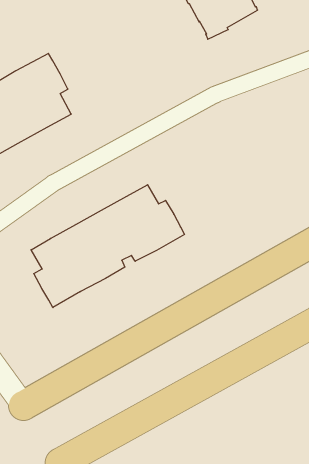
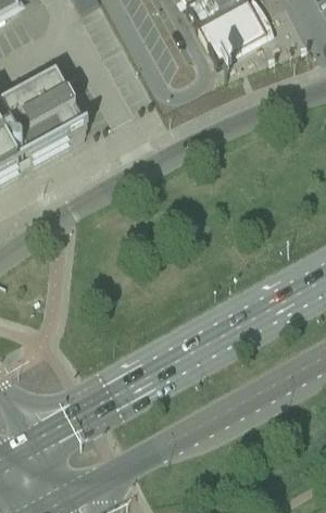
building: [31,185,184,308] -> none

